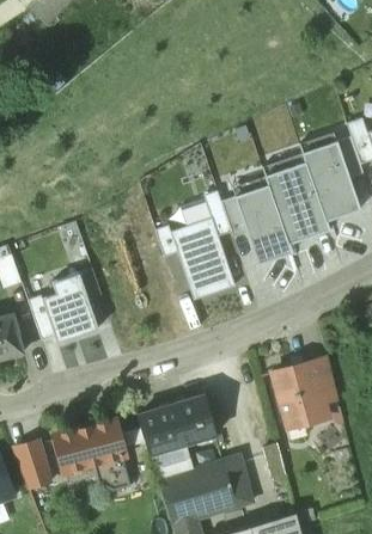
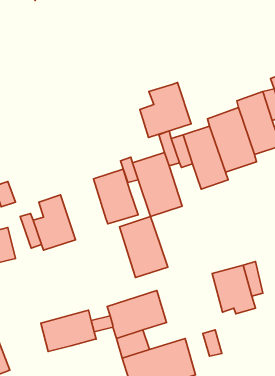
building: none -> [140,83,191,138]
building: none -> [93,169,138,224]
building: none -> [120,216,168,277]
building: [12,442,51,487] -> none
building: [92,456,130,491] -> none

